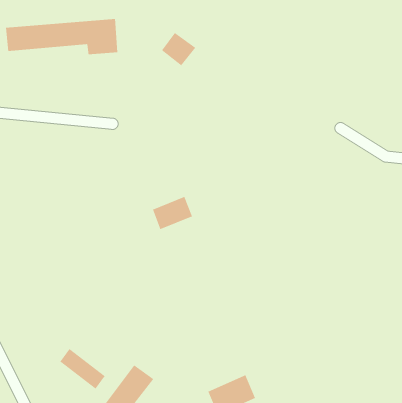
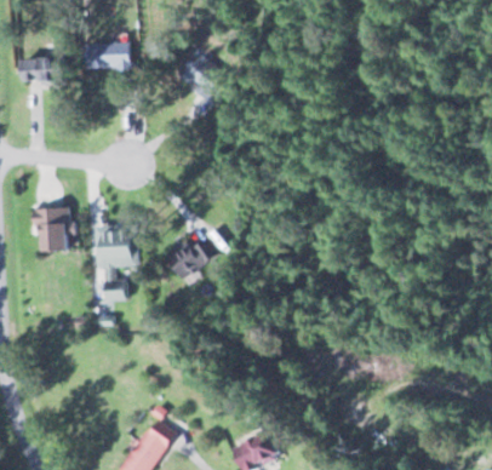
building: none -> [36,207,70,251]
building: none -> [96,225,136,299]
building: [60,348,105,389] -> none

